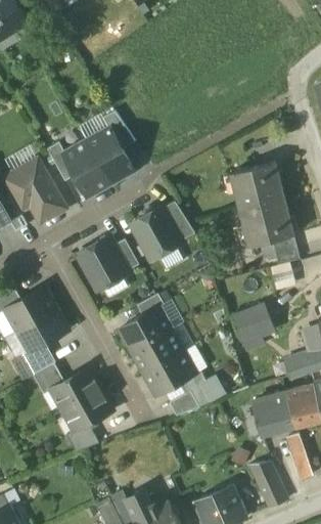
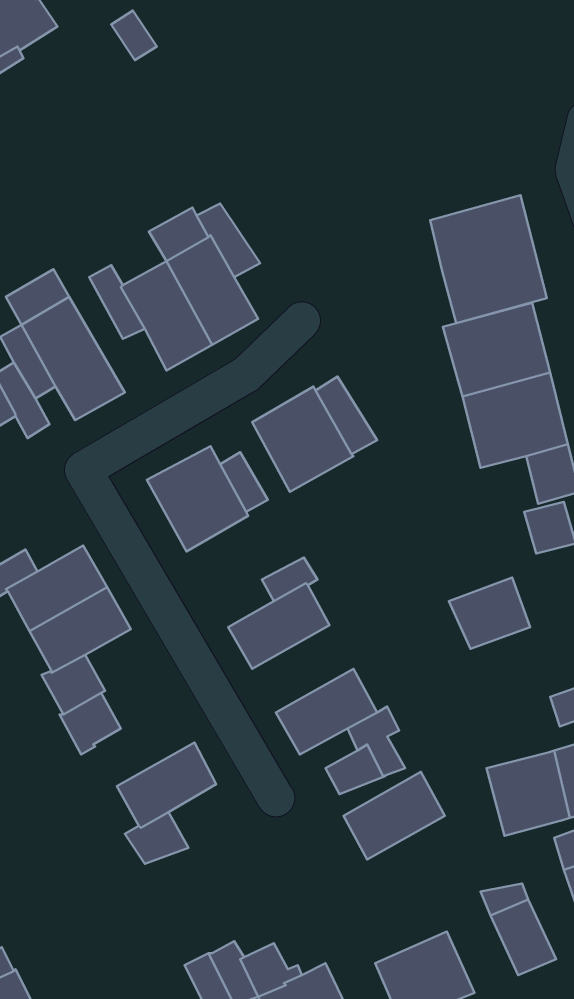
building: none -> [430,195,547,323]
building: [131,328,183,373] -> [343,772,445,859]
building: [49,366,101,410] -> none

